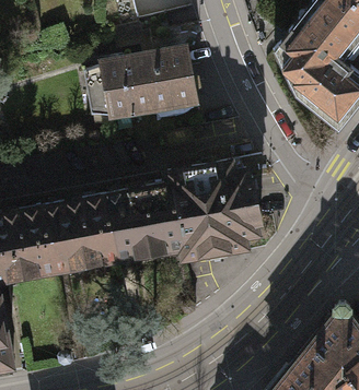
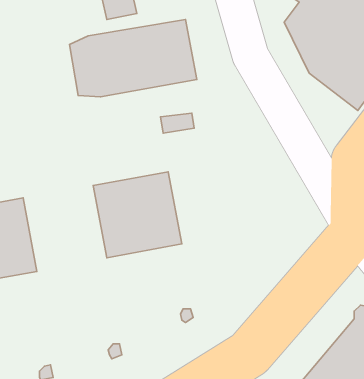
building: [169,162,262,260] -> none
building: [44,198,117,273] -> none

